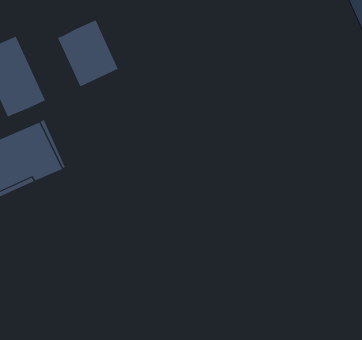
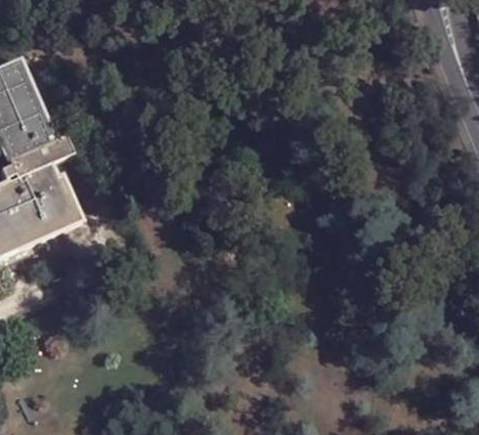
building: [57,19,119,87] -> none

